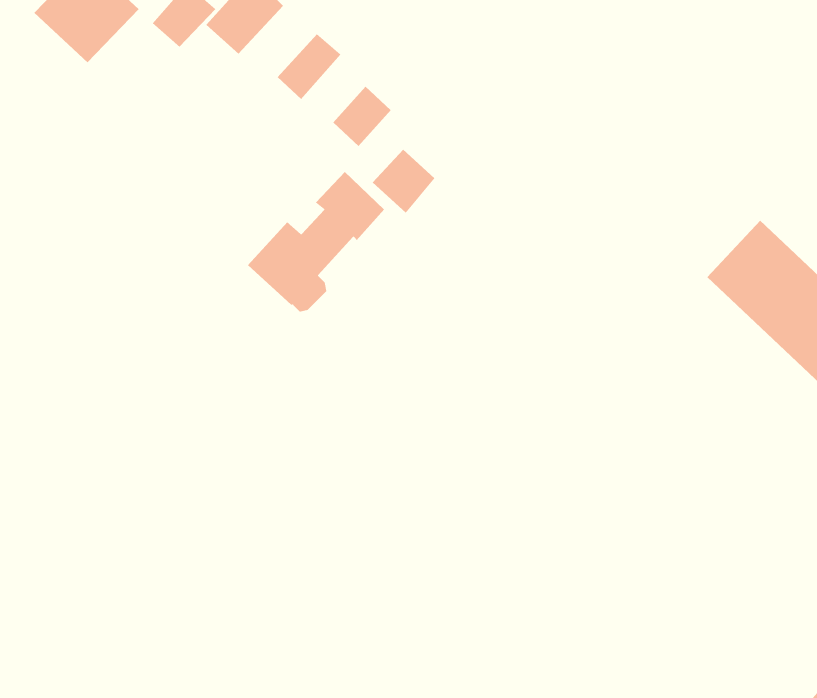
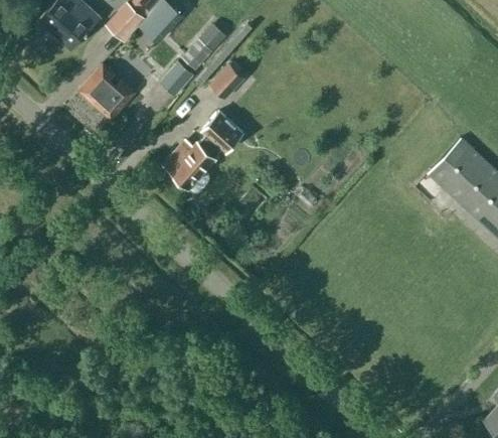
building: none -> [157,60,192,96]
building: none -> [79,65,133,119]
building: [372,149,435,214] -> none

